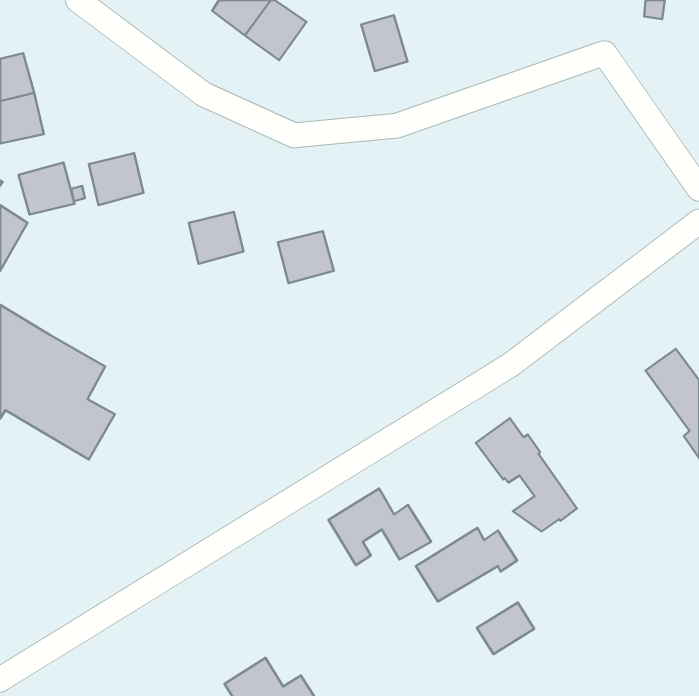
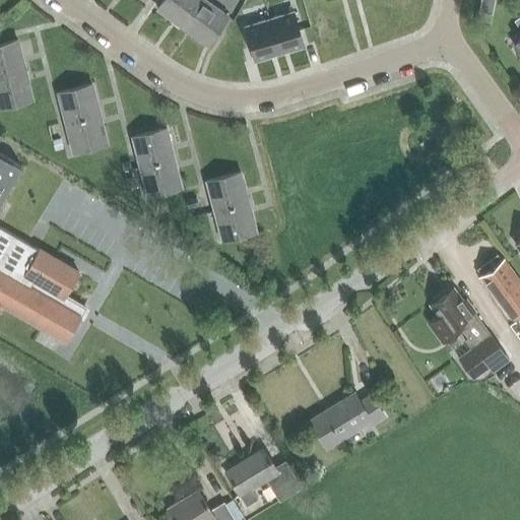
building: none -> [244,20,278,63]
building: [18,163,75,215] -> [58,85,100,124]
building: none -> [132,129,174,168]
building: none -> [214,203,255,242]
building: [476,418,577,532] -> [428,287,503,372]
building: [328,489,431,565] -> [225,450,302,507]
building: [477,603,534,654] -> none

